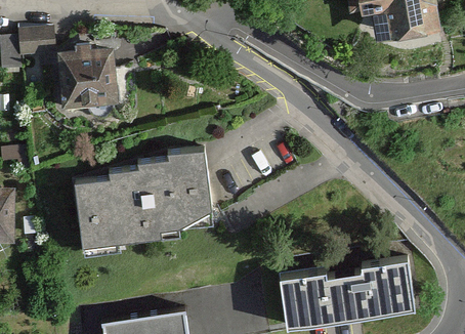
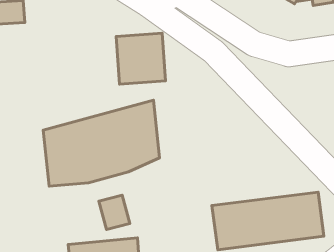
building: [58,47,119,110] -> [116,33,166,84]
building: none -> [99,195,130,230]

